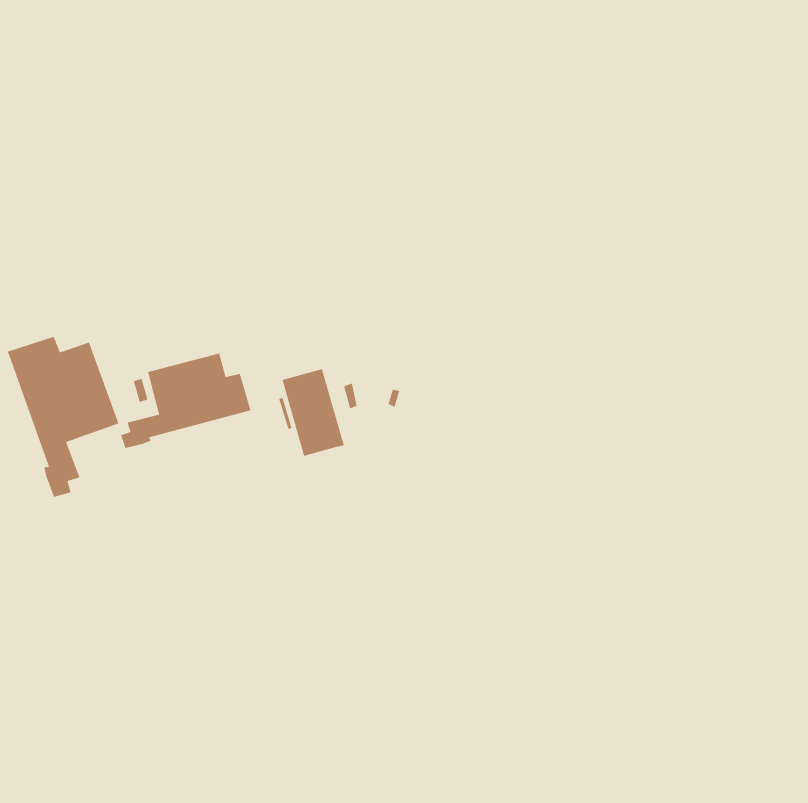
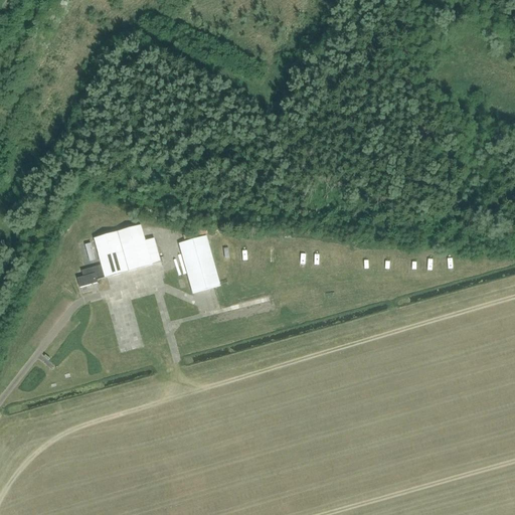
building: [7,336,119,498] -> none

